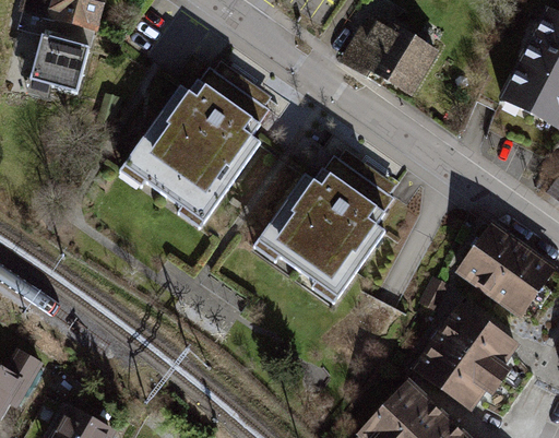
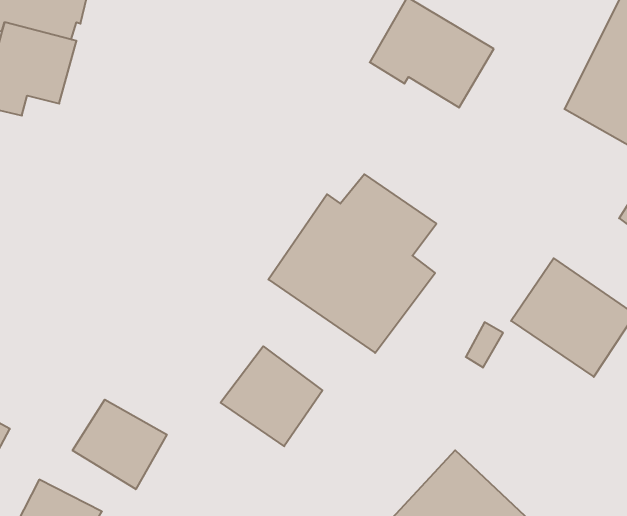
building: [121,62,273,230] -> none
building: none -> [221,346,322,446]
building: [408,297,522,413] -> none
building: none -> [73,400,167,489]

